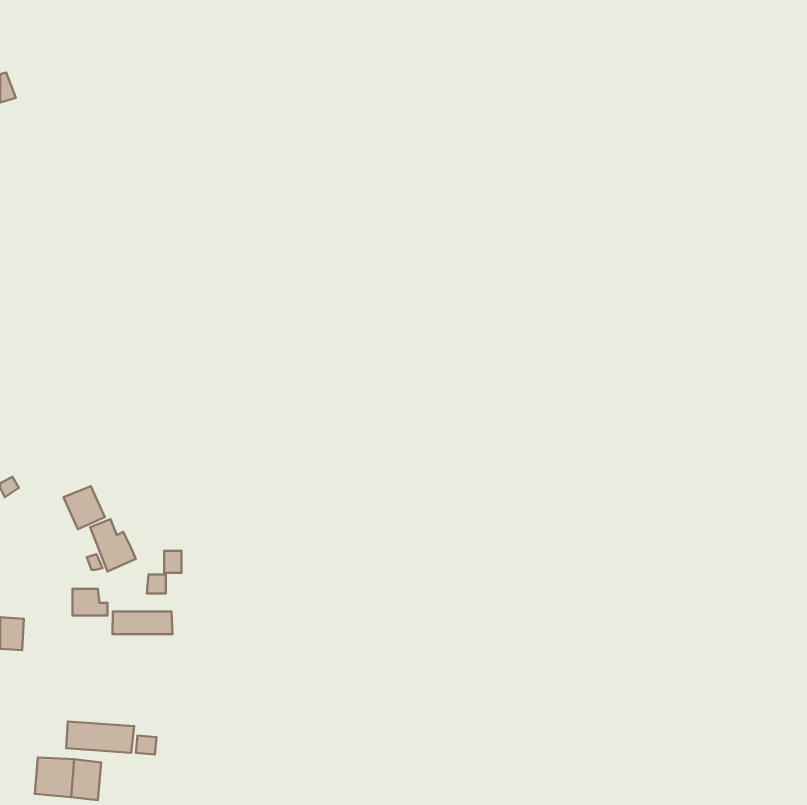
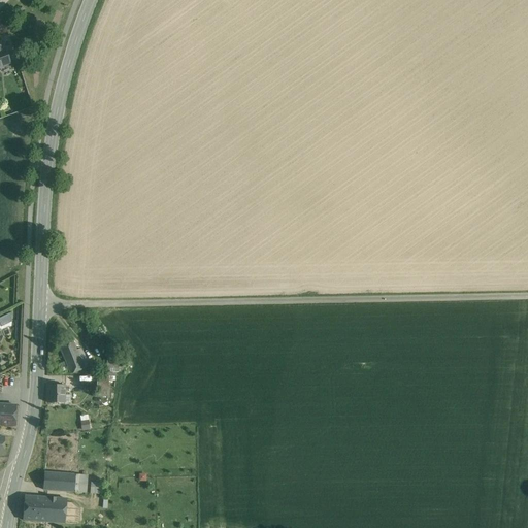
building: [64,486,105,529] -> none
building: [112,611,173,634] -> none

